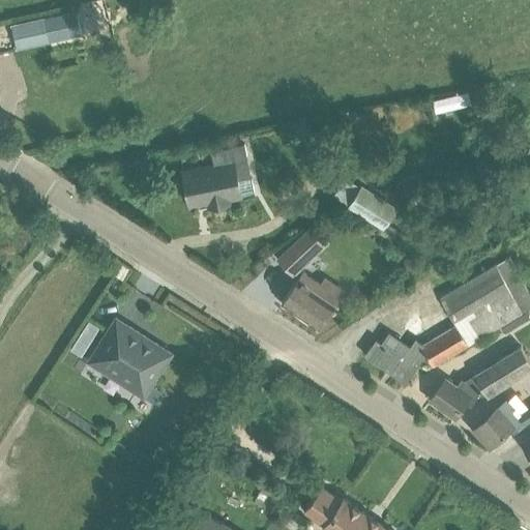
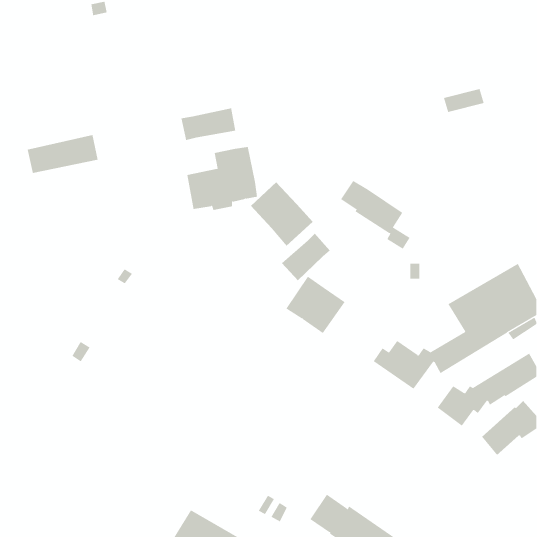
building: [11,11,82,50] -> [27,135,98,174]
building: none -> [181,107,236,141]
building: none -> [250,181,314,246]
building: [88,319,171,396] -> none

